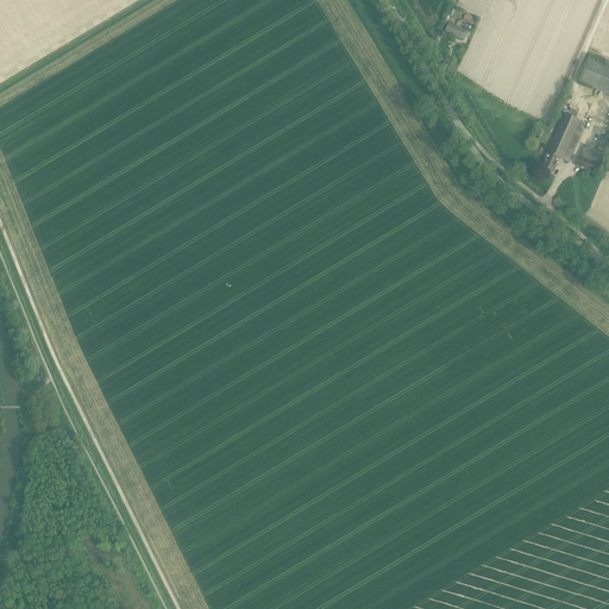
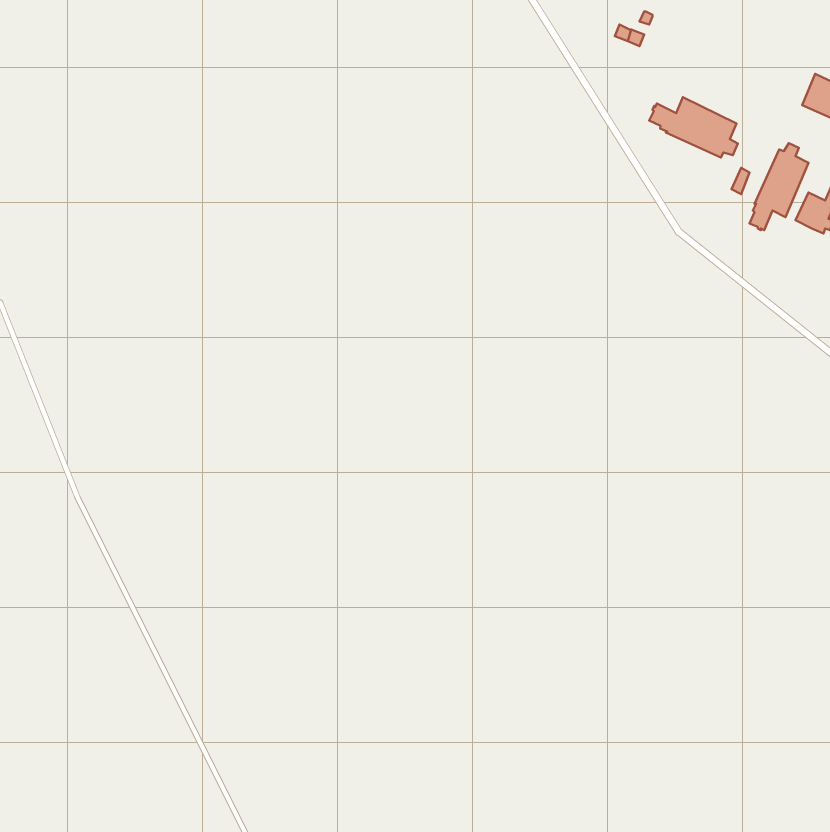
building: none -> [649,97,738,158]

